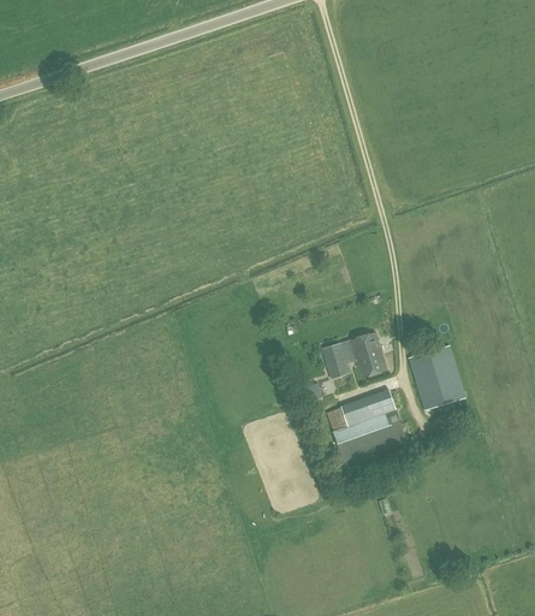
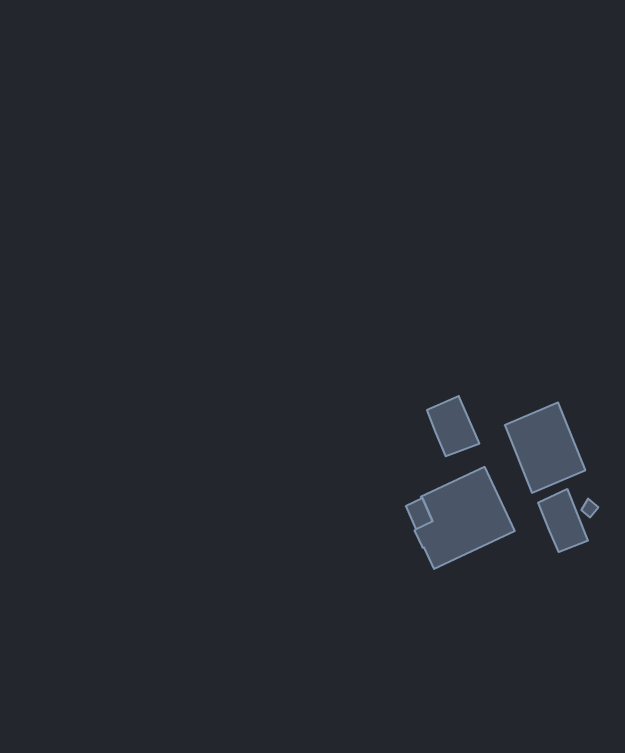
building: [317,340,353,396] -> none
building: none -> [538,489,588,552]

